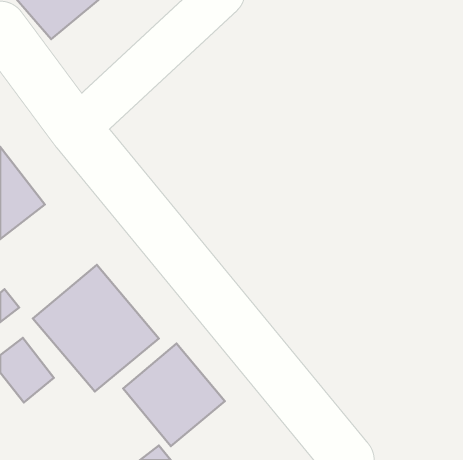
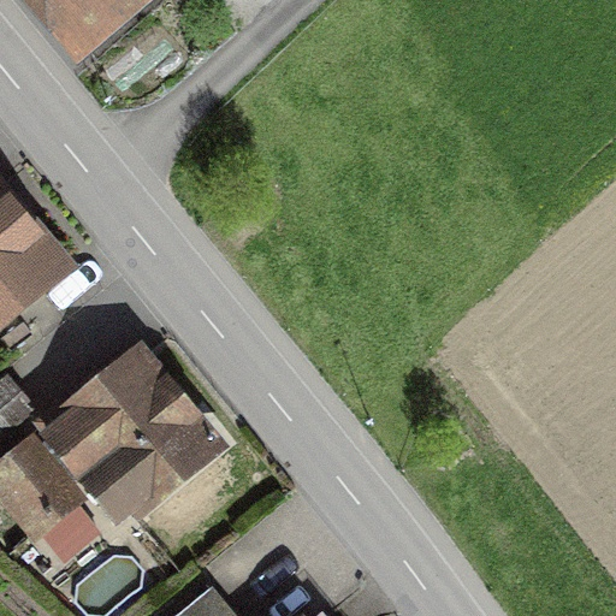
building: [123,343,225,446] -> none

